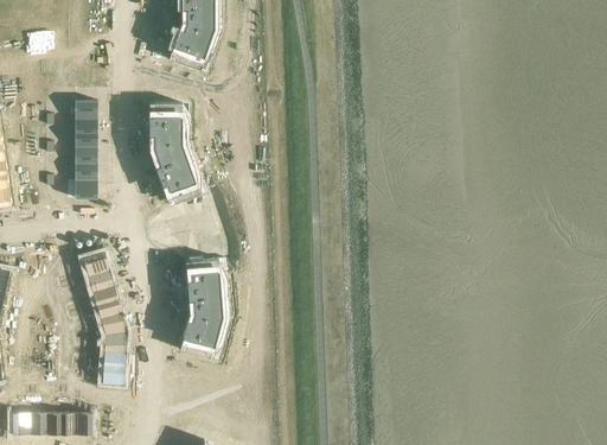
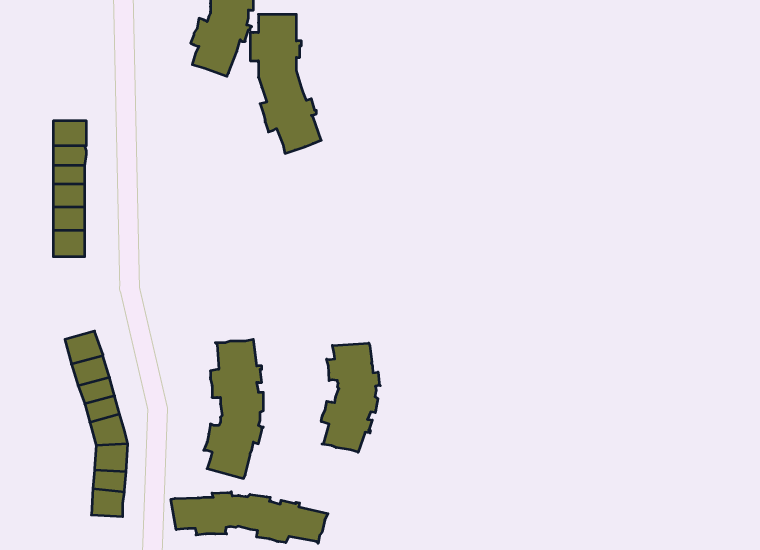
building: [148,102,199,202] -> [250,14,321,153]
building: none -> [321,343,380,452]
building: none -> [171,492,328,543]

